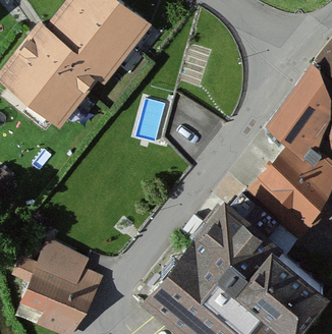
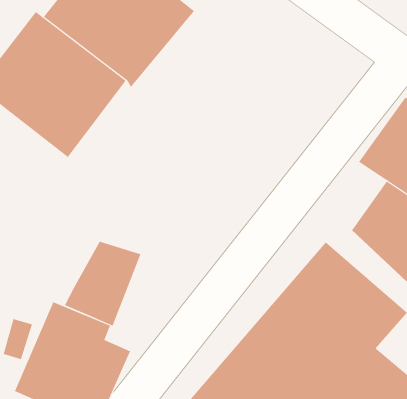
building: none -> [64,241,141,326]

